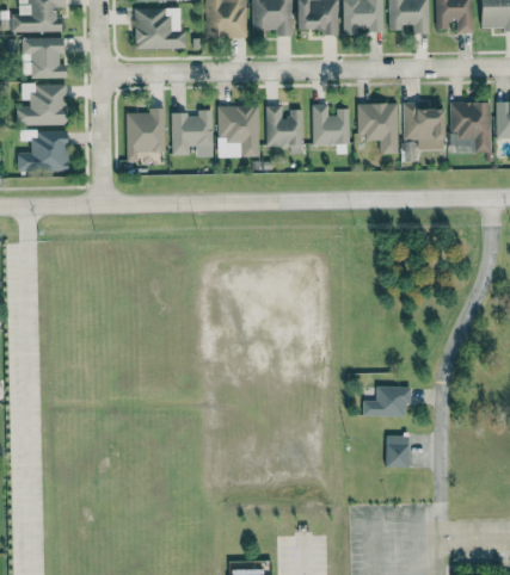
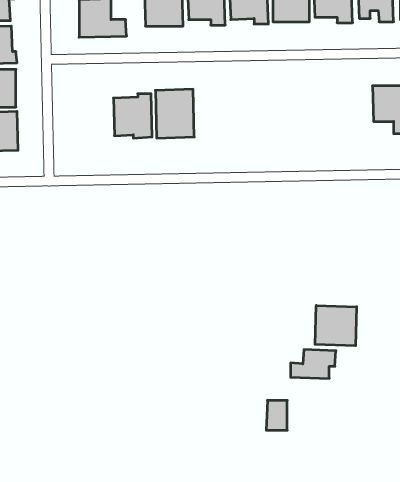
building: [357,103,399,153] -> none
building: [313,104,350,144] -> none
building: [266,105,303,153] -> none
building: [404,105,444,149] -> none
building: [127,111,166,161] -> none
building: none -> [315,305,357,346]
building: [386,435,408,468] -> [266,400,287,430]

